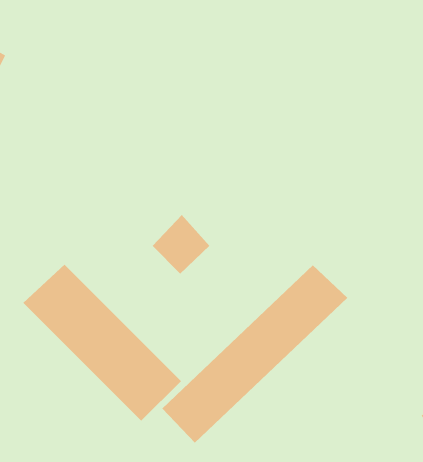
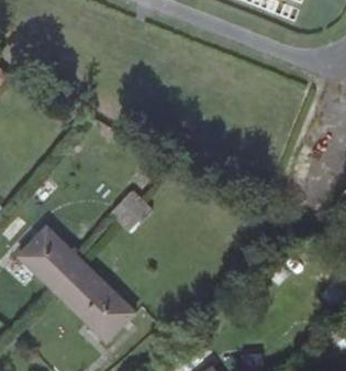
building: [161,265,348,443] -> none

